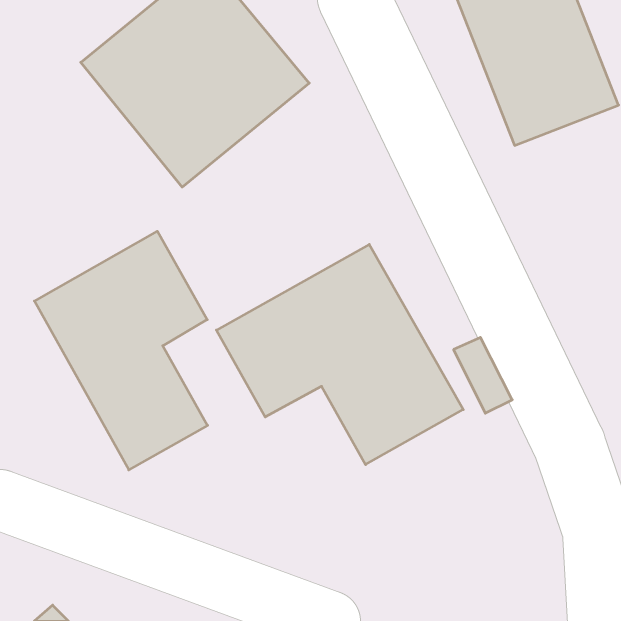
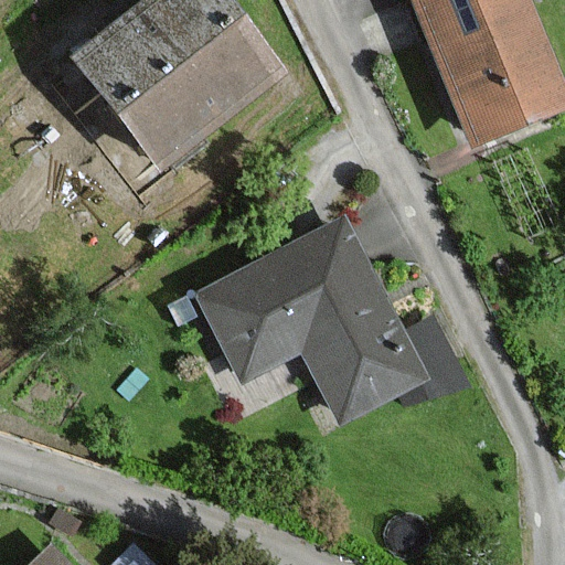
building: [34,231,208,470] -> none

